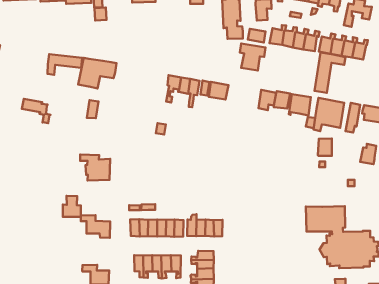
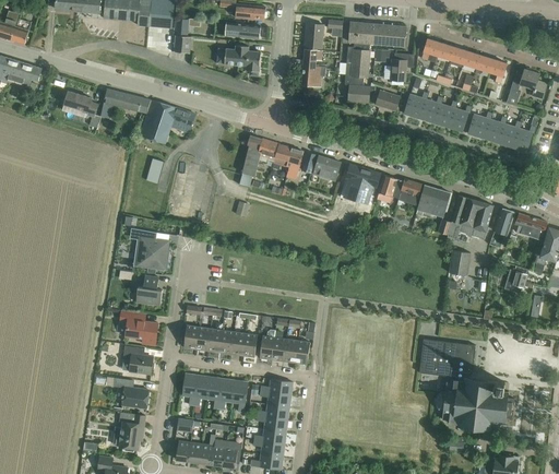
building: none -> [301,49,322,86]
building: none -> [224,46,260,76]
building: [240,43,265,71] -> [344,165,380,204]
building: [314,52,345,93] -> none
building: none -> [239,135,262,187]
building: [22,99,50,123] -> [63,91,100,128]
building: [63,196,81,217] -> [135,275,162,306]
building: none -> [122,345,153,374]

